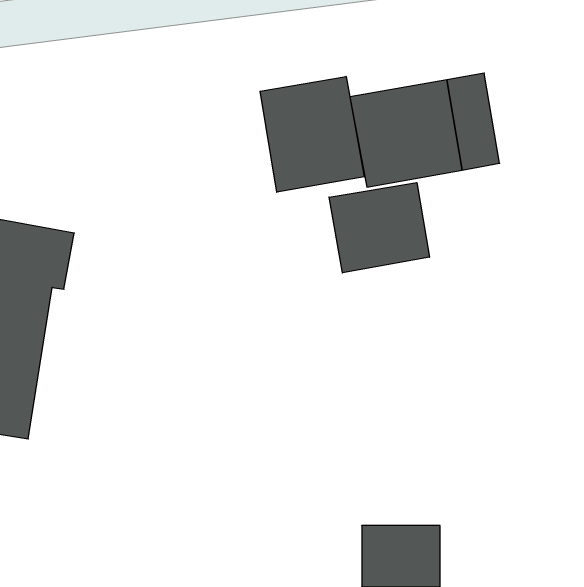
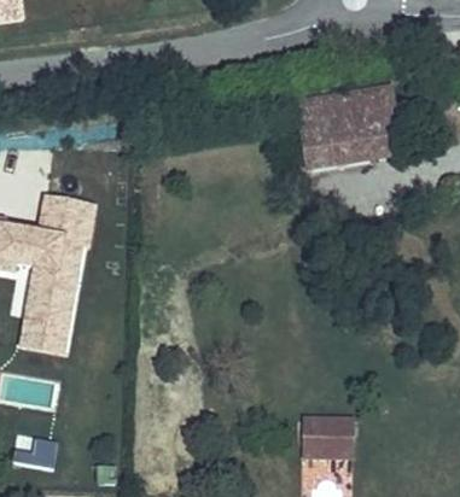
building: [260,76,364,192] -> none
building: [329,183,429,273] -> none

